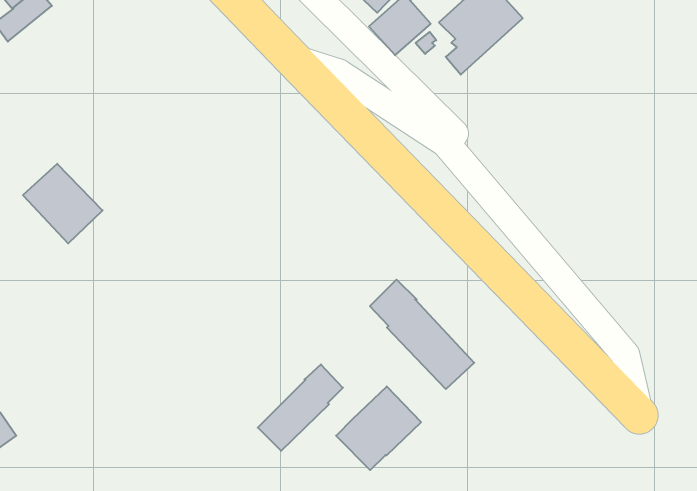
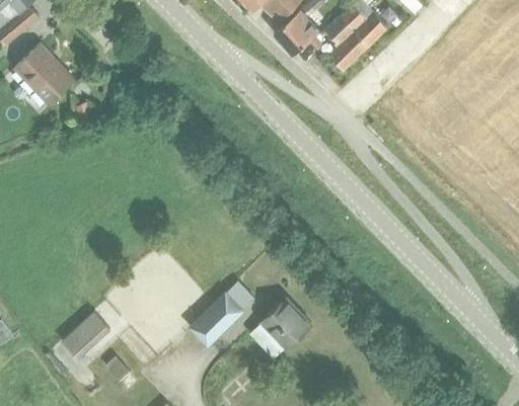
building: [23,164,103,243] -> [14,45,73,103]
building: [370,280,474,389] -> none
building: none -> [61,312,109,359]

